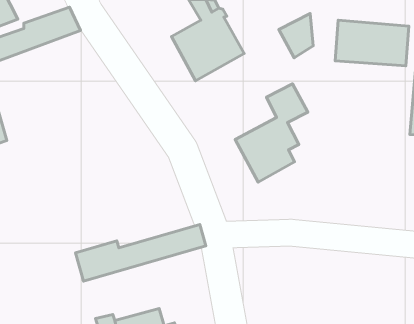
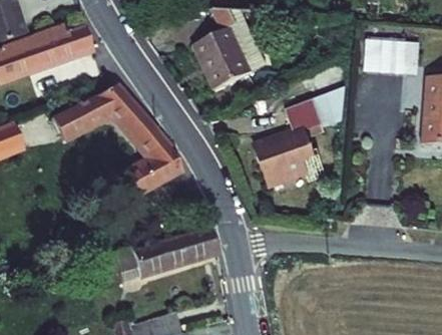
building: [279,13,313,58] -> [307,78,341,122]
building: none -> [57,78,186,199]

